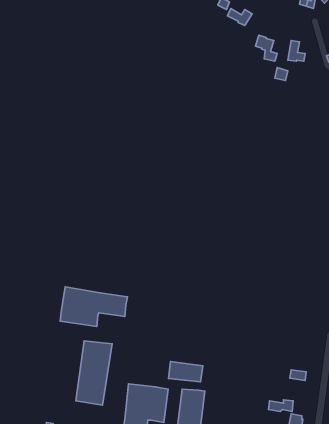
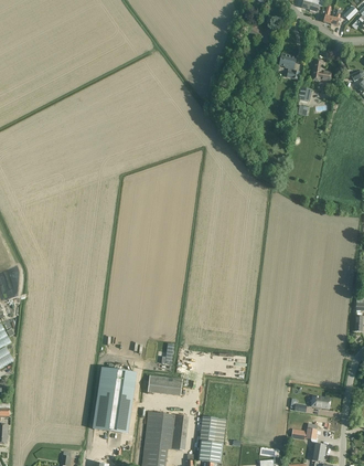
building: [60,287,127,327] -> none
building: [168,361,203,382] -> [148,374,183,395]

